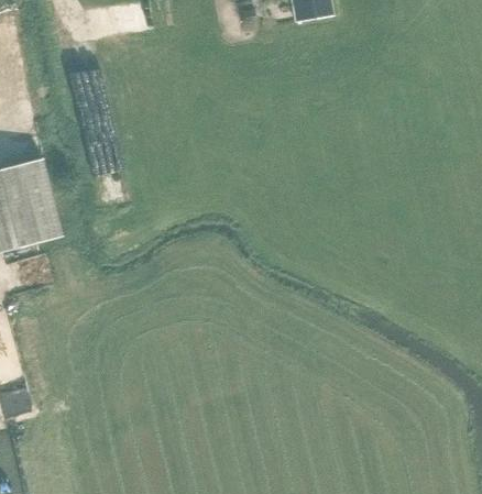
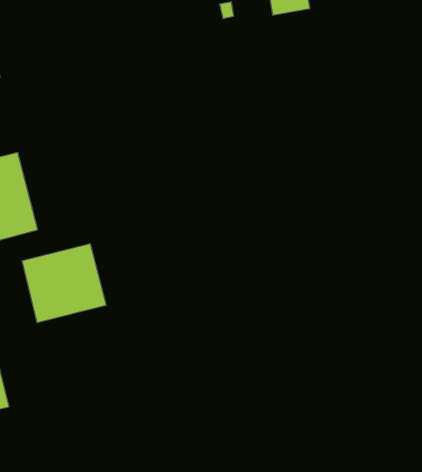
building: none -> [22,244,106,323]

